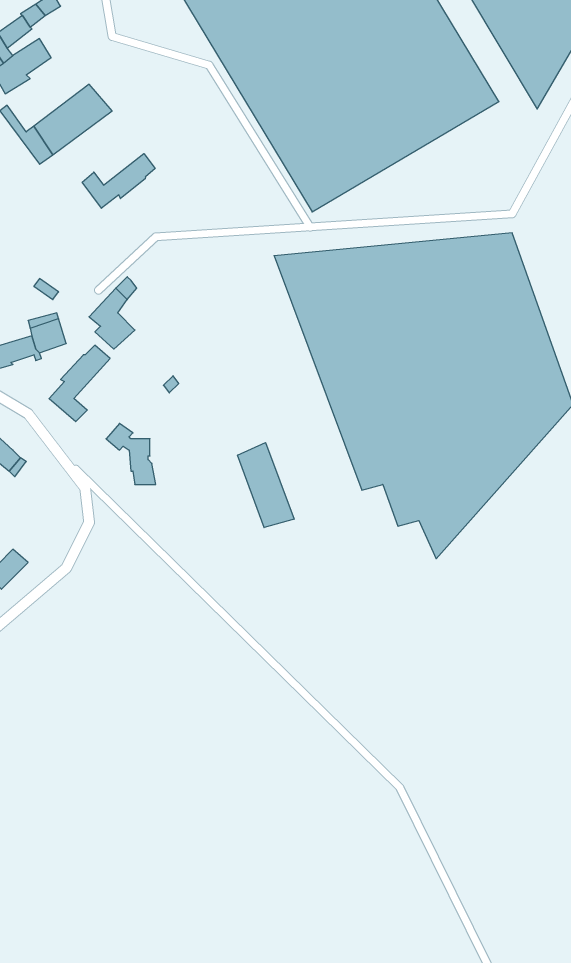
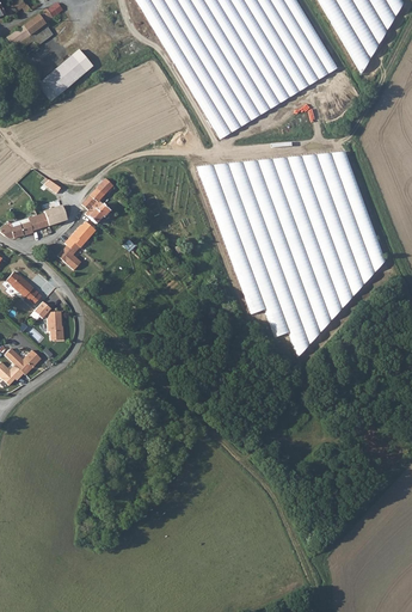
building: [82,154,155,208] -> none
building: [106,423,156,484] -> [33,300,64,338]
building: [238,443,294,528] -> none

